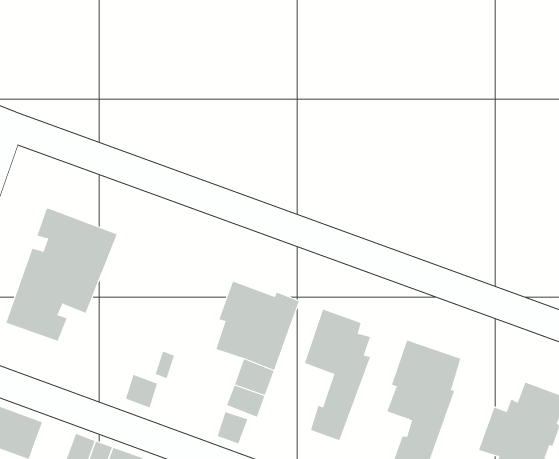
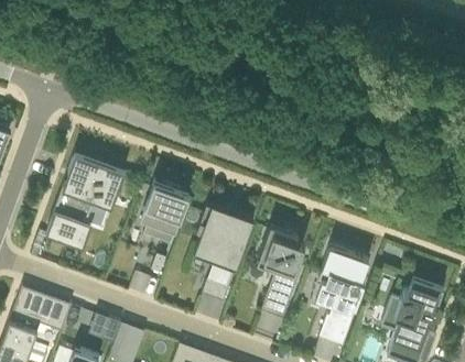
building: none -> [140,183,187,244]

